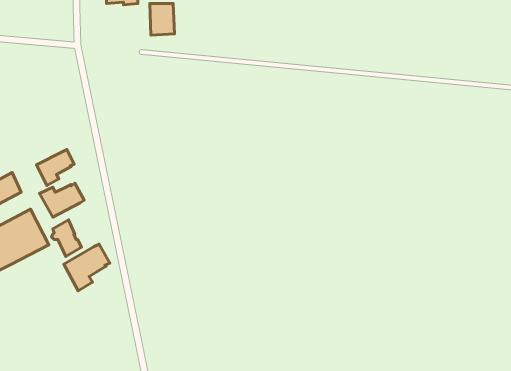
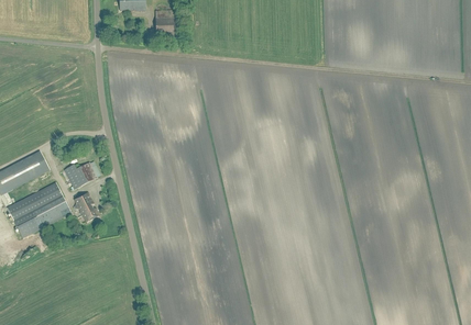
building: [37,150,74,186] -> none
building: [64,244,110,291] -> none

